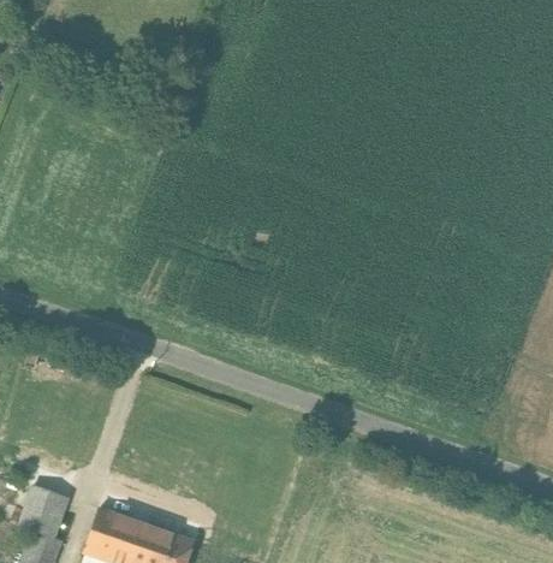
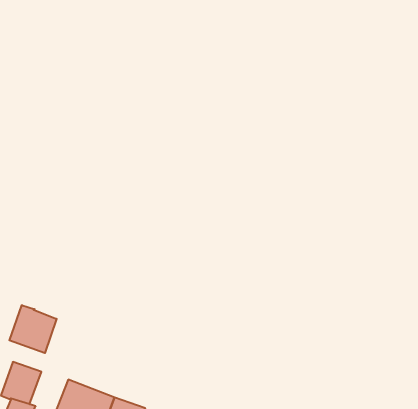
building: none -> [9,305,57,353]

